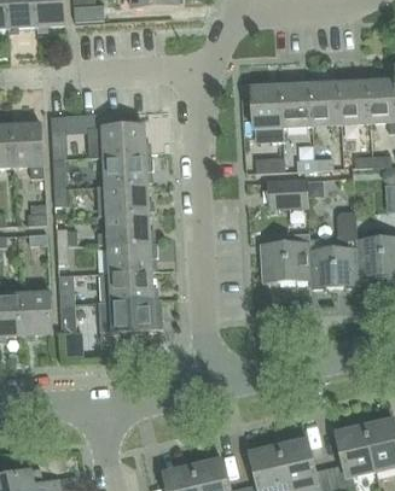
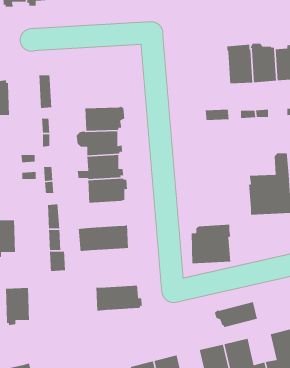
building: [250,83,284,141] -> none
building: [13,122,45,177] -> none
building: [88,125,151,158] -> none
building: [268,180,308,207] -> none
building: [260,233,309,282] -> [191,224,231,264]
building: [99,271,157,304] -> [95,285,143,311]
building: [21,292,51,339] -> [5,287,30,326]
building: none -> [214,301,258,328]

